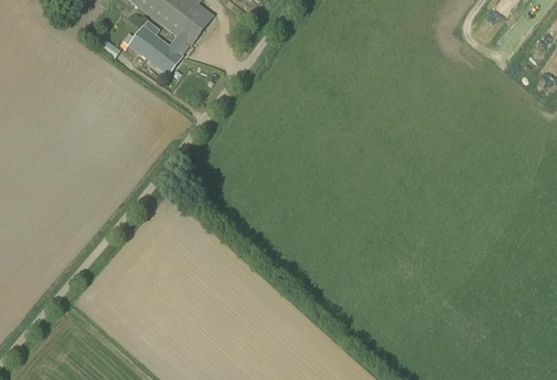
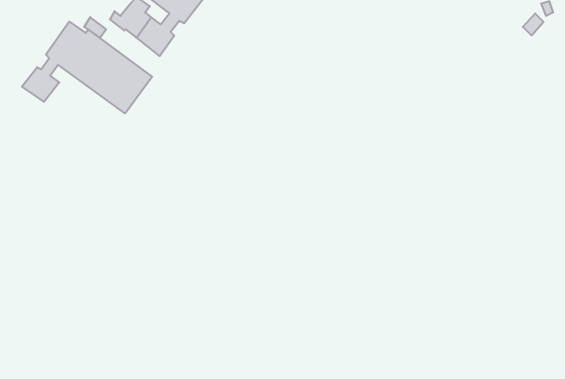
building: none -> [22,22,152,113]

